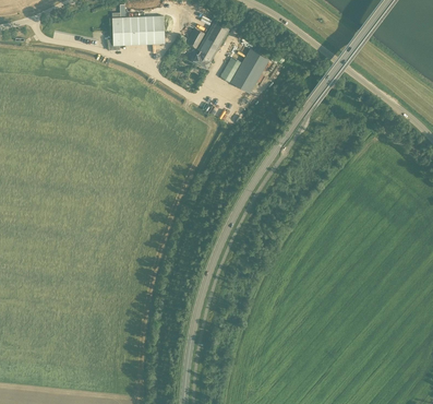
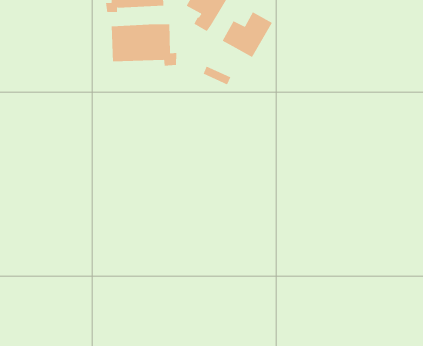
building: none -> [111,24,177,66]

